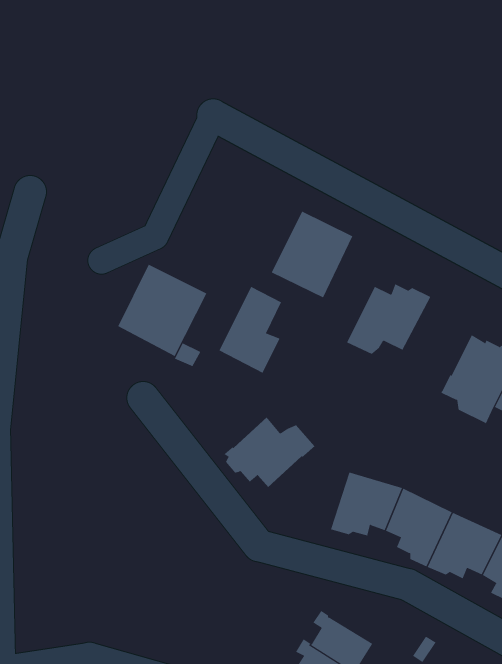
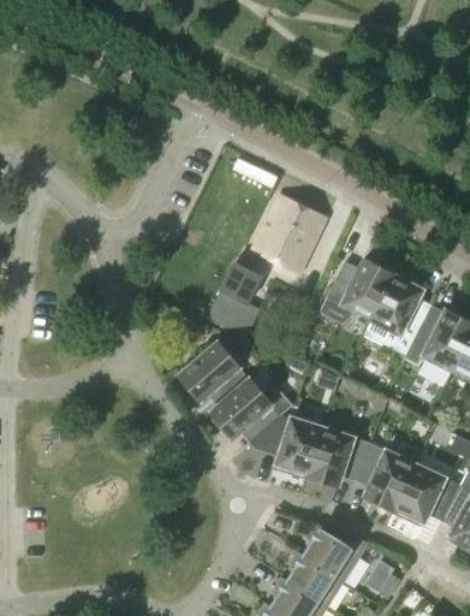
building: [117,264,207,357] -> none
building: none -> [363,271,430,355]
building: none -> [178,342,248,405]
building: none -> [249,414,321,479]
building: none -> [303,525,367,581]

